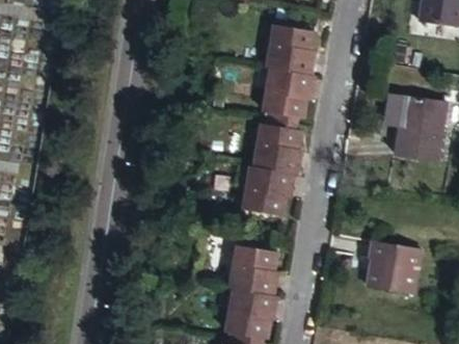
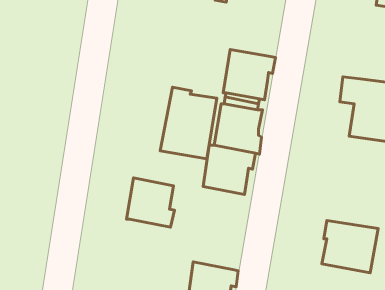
building: [267,23,317,73] -> none
building: none -> [160,87,217,159]
building: [228,242,278,293] -> [126,178,175,227]

